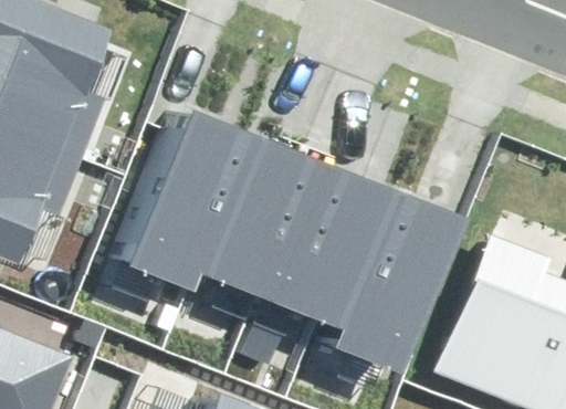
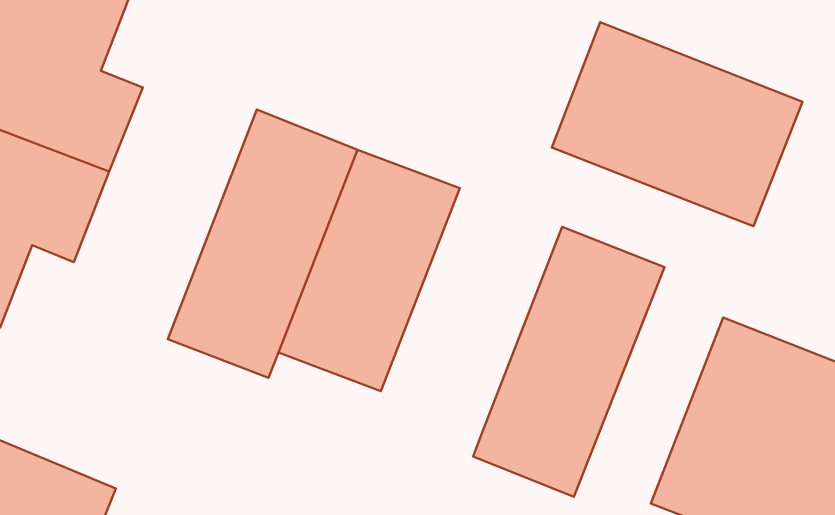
building: none -> [552,22,803,226]
building: [255,160,375,319] -> none

